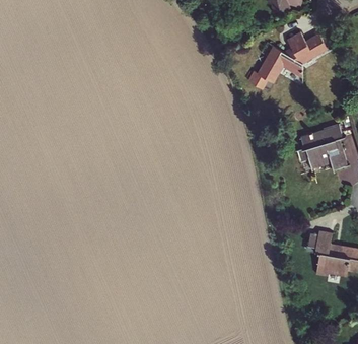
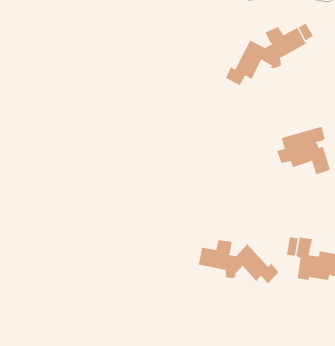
building: none -> [198,240,279,284]

